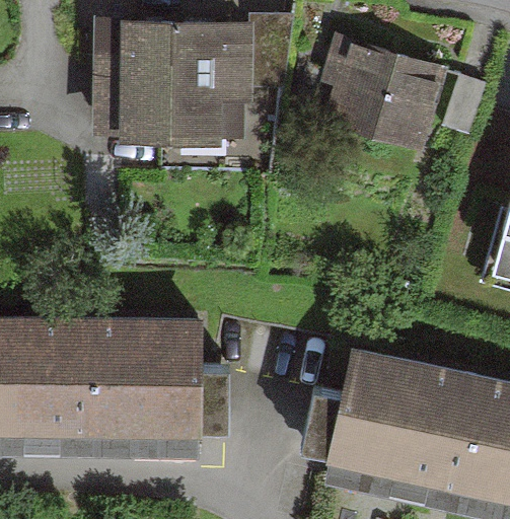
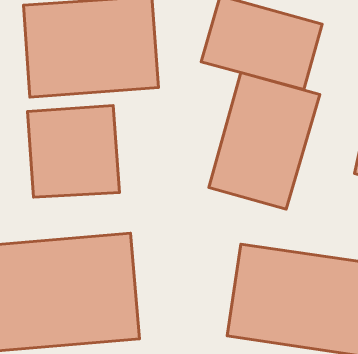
building: none -> [209,73,320,209]
building: none -> [28,105,120,197]

